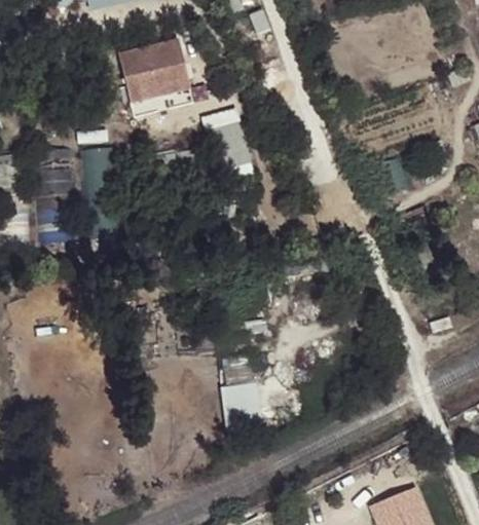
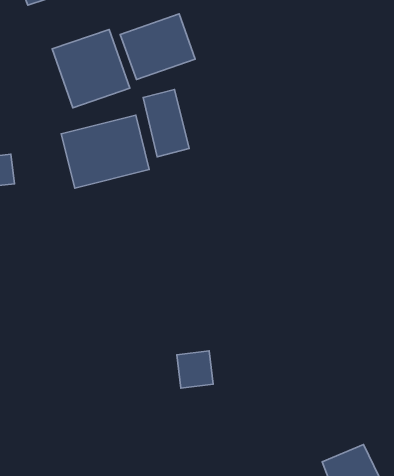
building: none -> [120,14,195,80]
building: none -> [61,115,149,188]

